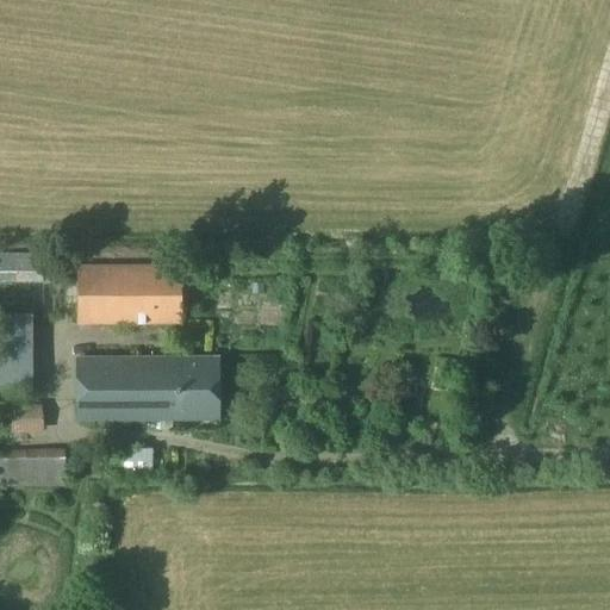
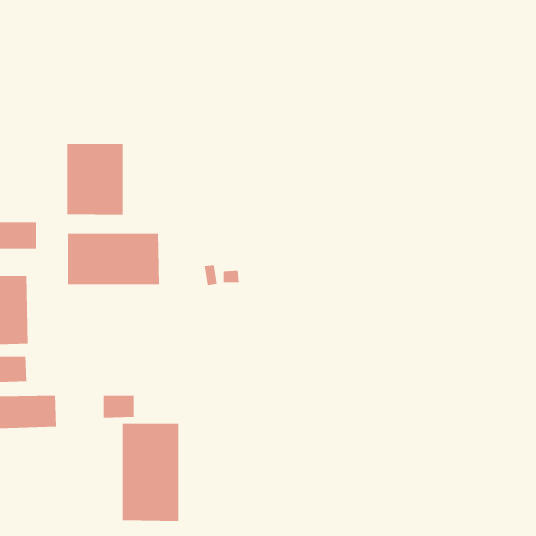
building: none -> [67,143,123,216]
building: [77,356,217,419] -> none
building: none -> [122,423,179,522]

